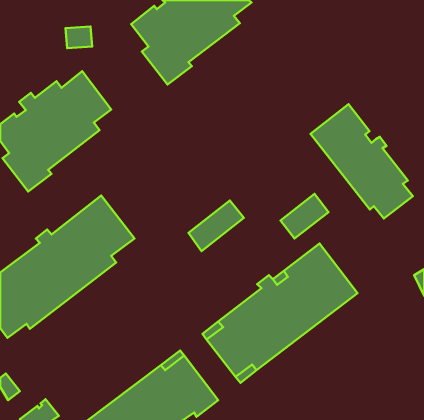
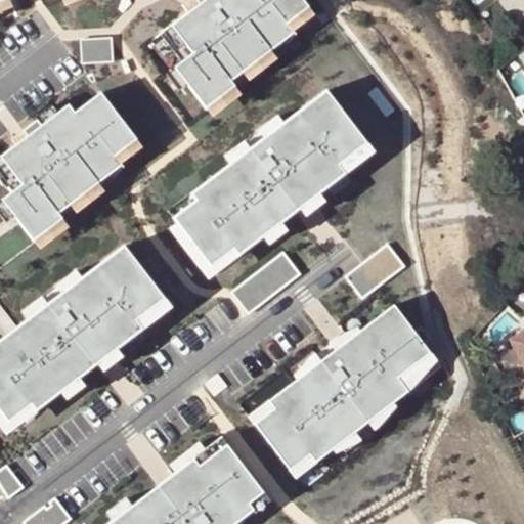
building: none -> [174,90,367,266]
building: [310,104,413,218] -> none

